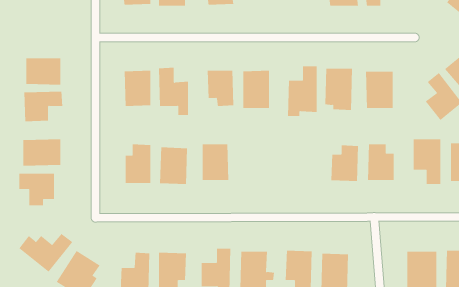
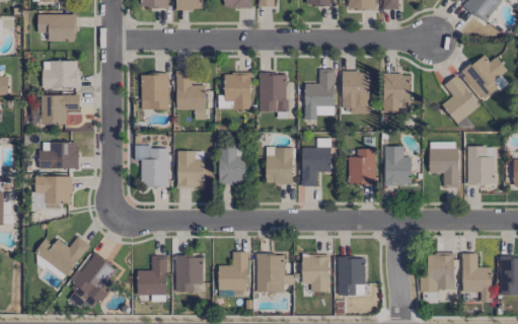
building: none -> [38,13,76,42]
building: none -> [267,147,293,184]
building: none -> [302,147,331,186]

